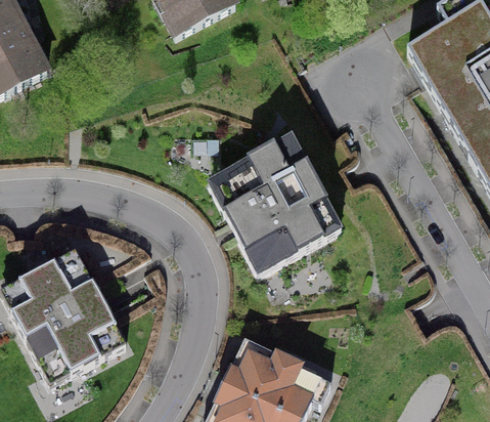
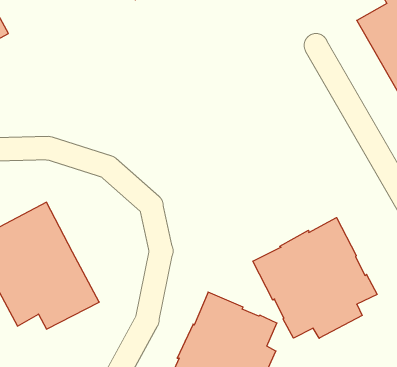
building: [217,131,345,268] -> none
building: none -> [253,218,377,338]

